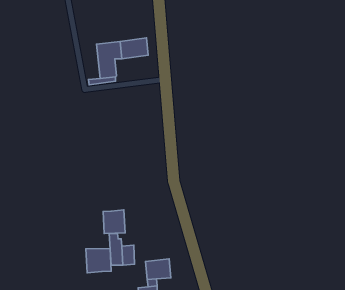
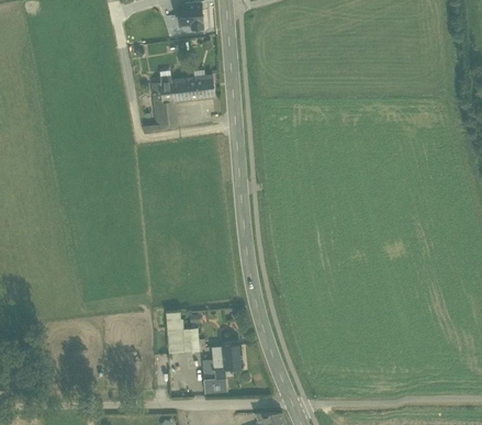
building: [103,210,125,234] -> none
building: [86,248,111,273] -> none

